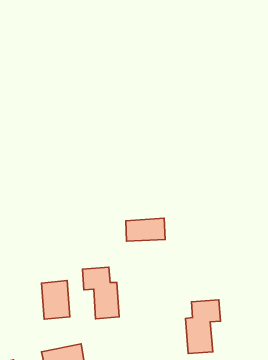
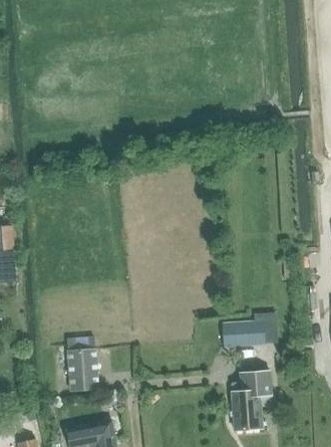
building: [126,218,165,241] -> [225,317,270,344]
building: [83,267,119,319] -> none

